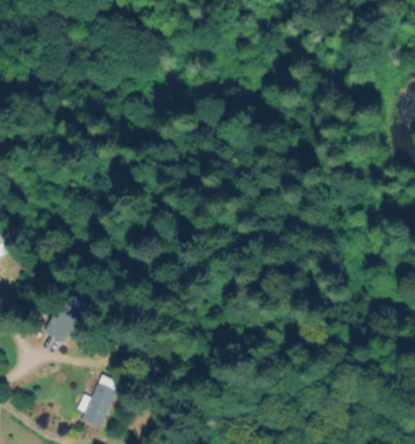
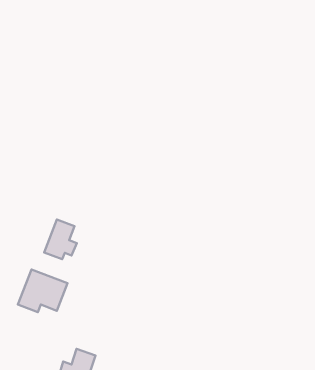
building: none -> [44,220,77,259]

